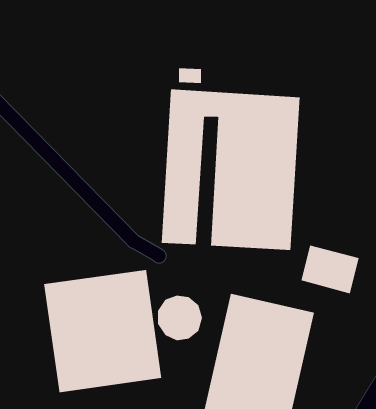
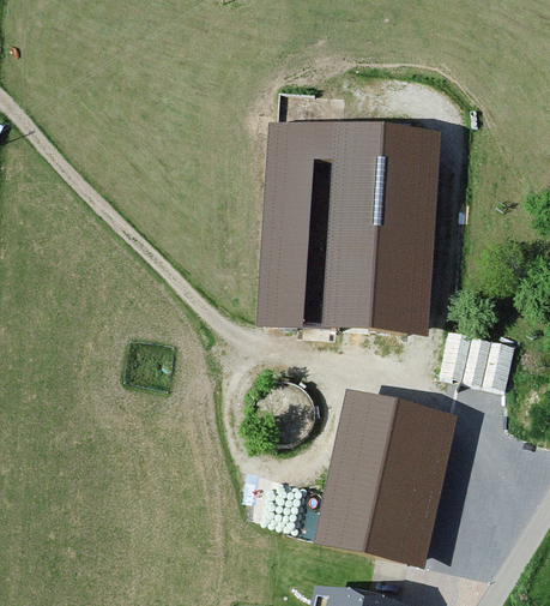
building: [44,269,162,393] -> none

